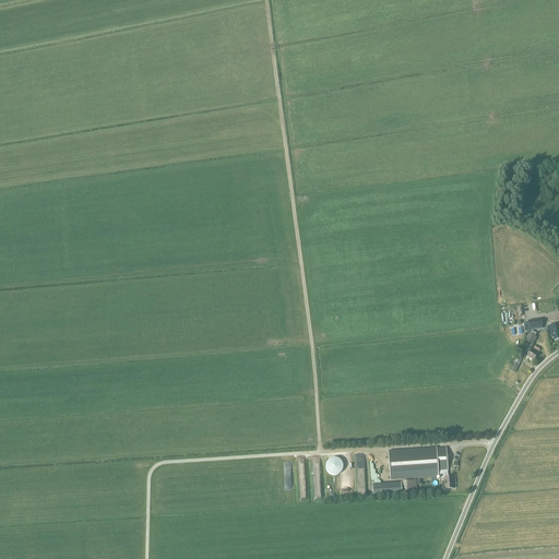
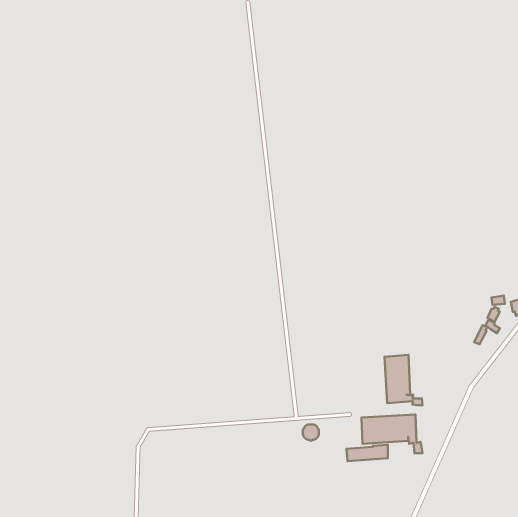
building: none -> [385,355,423,405]

